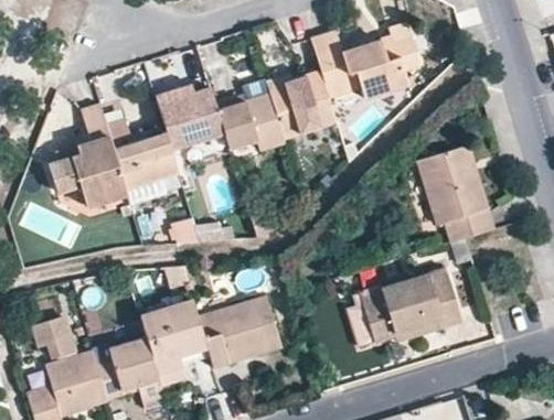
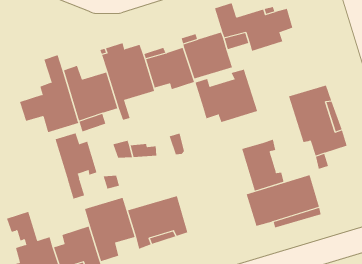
building: none -> [195,69,258,123]
building: none -> [55,133,97,199]
building: none -> [241,139,284,191]

